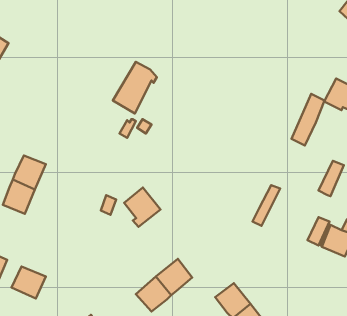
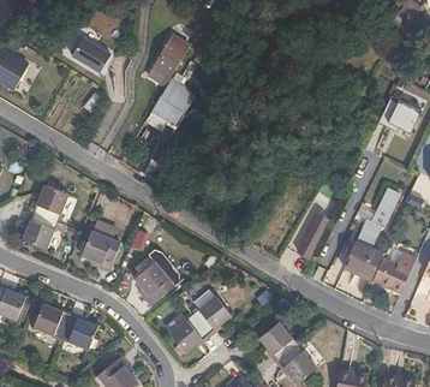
building: none -> [73,36,112,71]
building: none -> [149,41,186,85]
building: [291,94,324,146] -> [345,216,381,273]
building: [124,187,160,227] -> [137,260,177,303]
building: none -> [83,228,123,269]
building: none -> [62,312,101,350]

